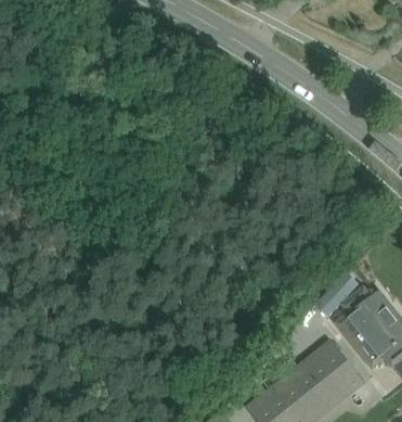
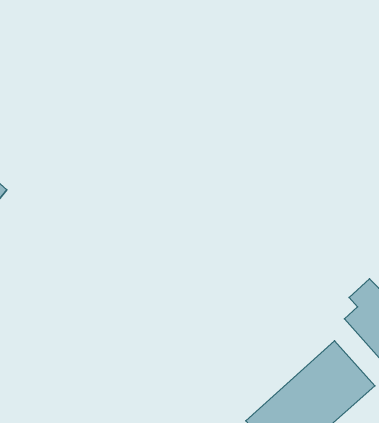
building: [315,272,358,316] -> none

